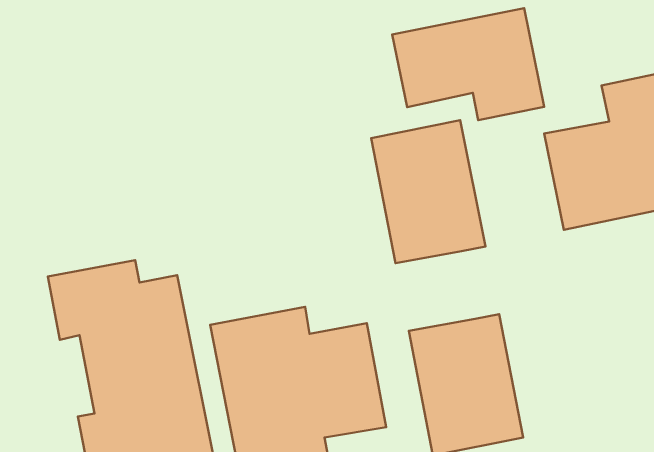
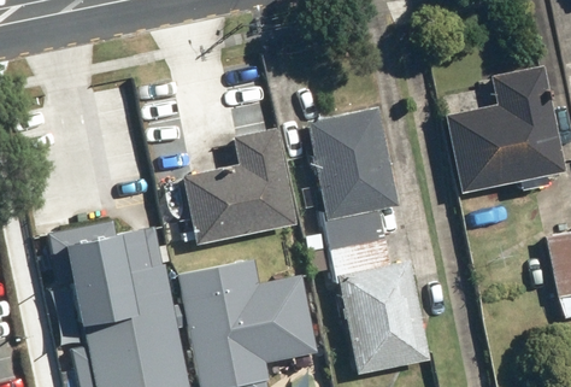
building: [392,8,544,120] -> none
building: none -> [184,128,298,245]
building: none -> [328,211,392,275]

